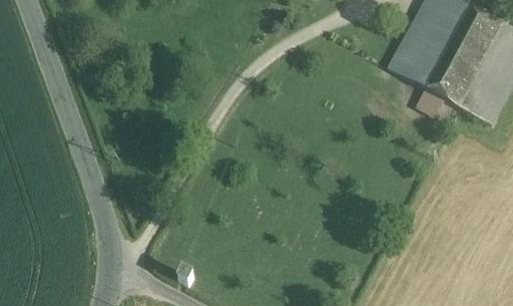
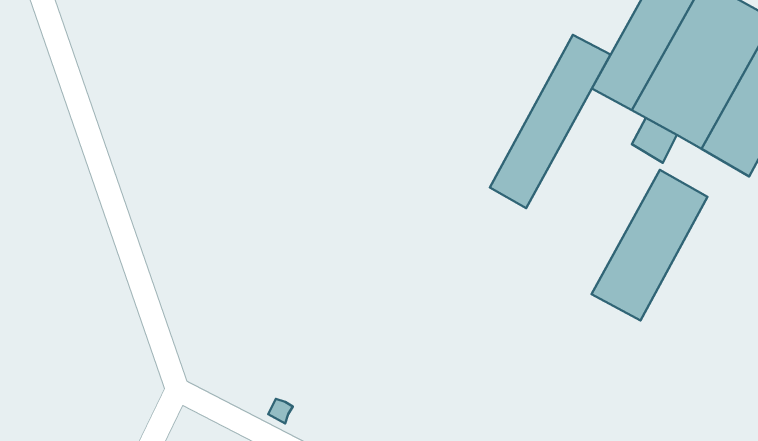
building: none -> [490,35,611,208]
building: none -> [591,170,708,320]

